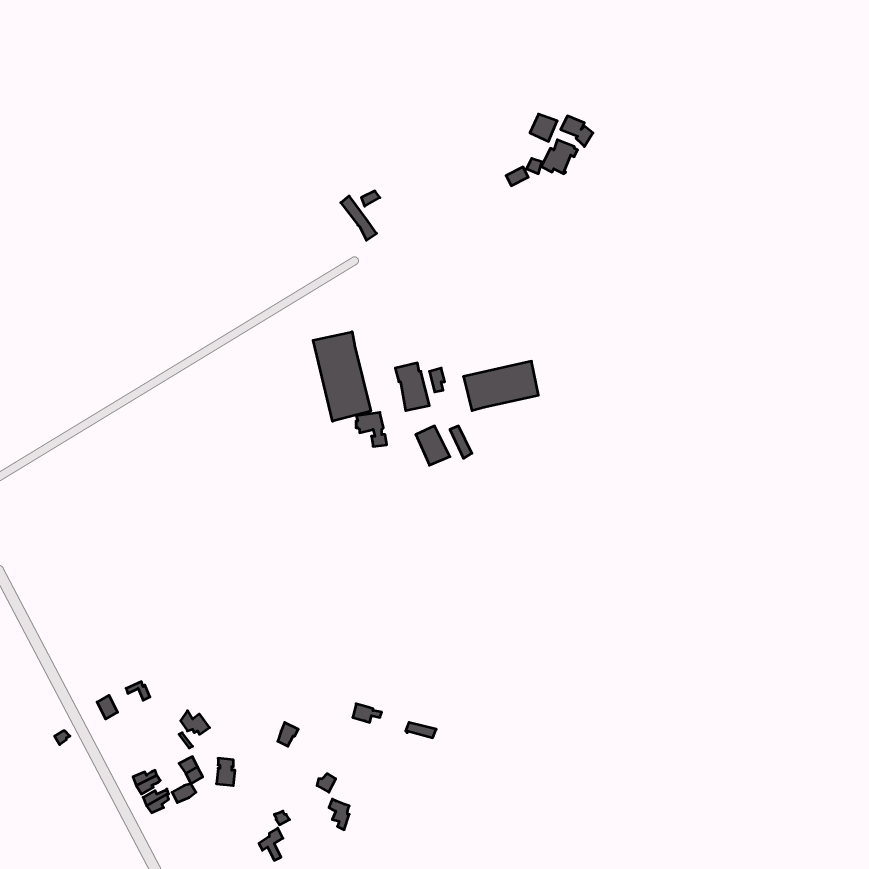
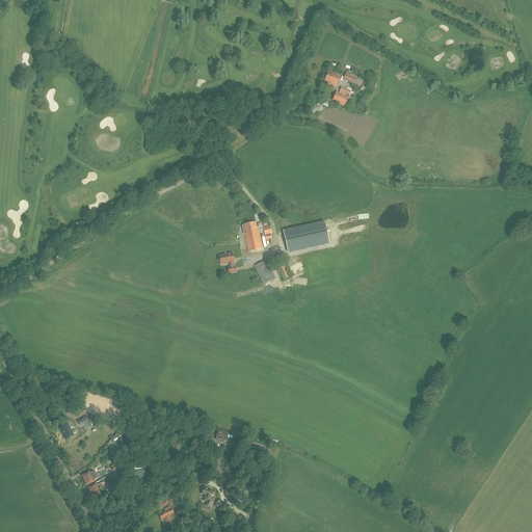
building: [313,332,371,421] -> none

